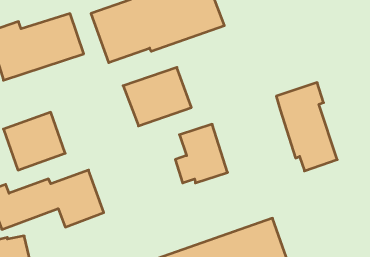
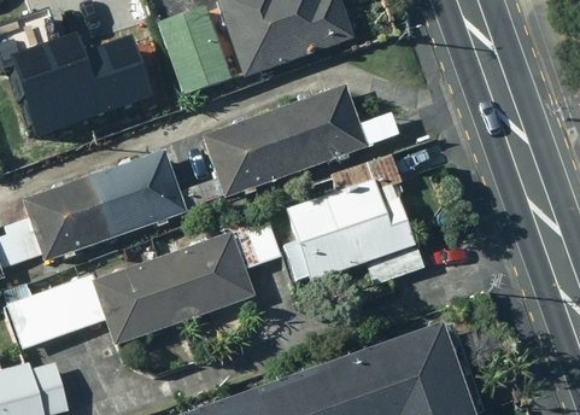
building: none -> [286,82,402,164]
building: [276,83,337,171] -> [333,148,424,281]
building: none -> [96,146,189,233]
building: none -> [153,209,281,322]

